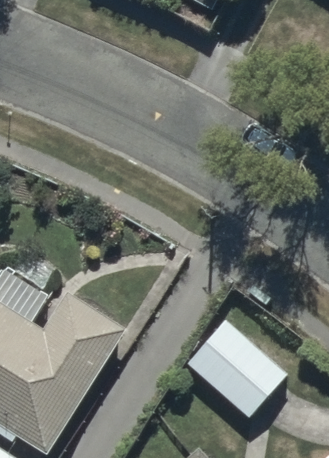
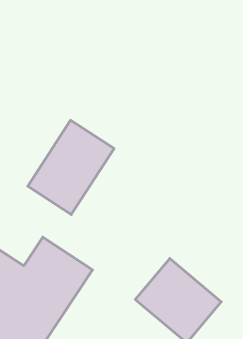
building: none -> [28,120,114,215]

